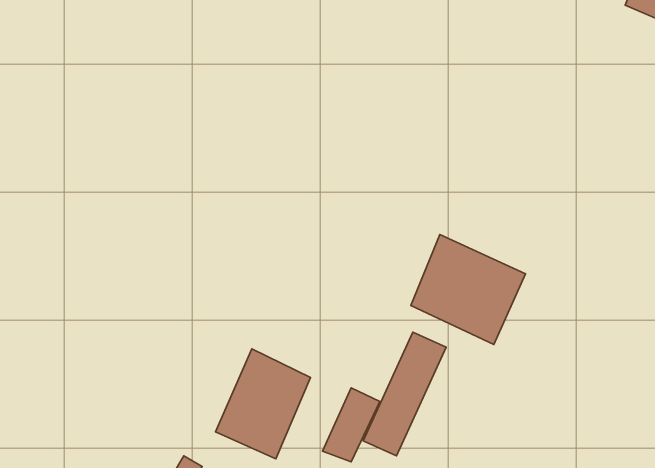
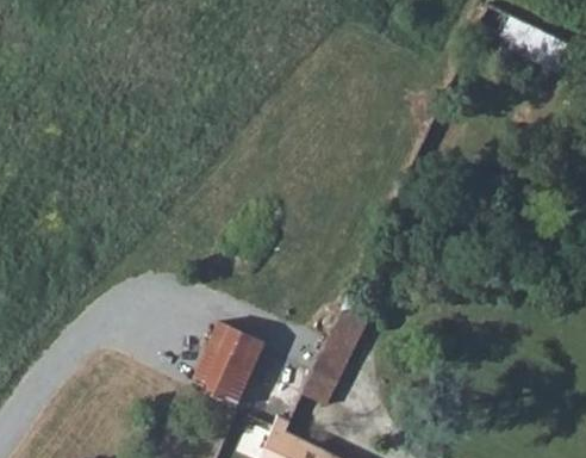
building: [411,235,525,345] -> none

